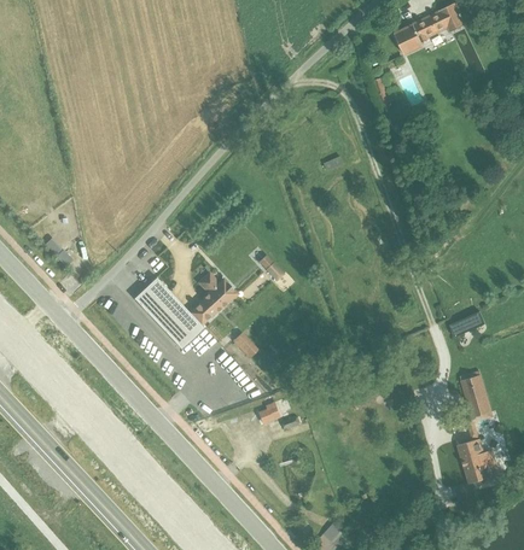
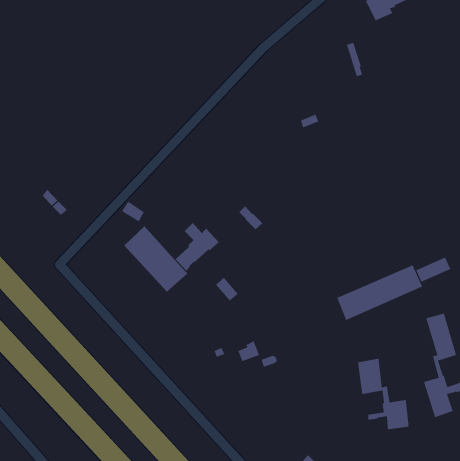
building: none -> [336,264,423,321]
building: none -> [357,358,409,430]

